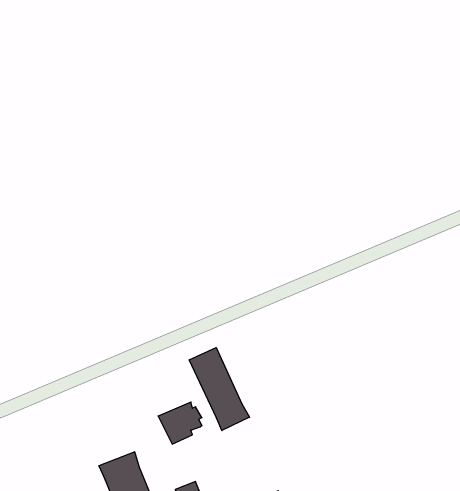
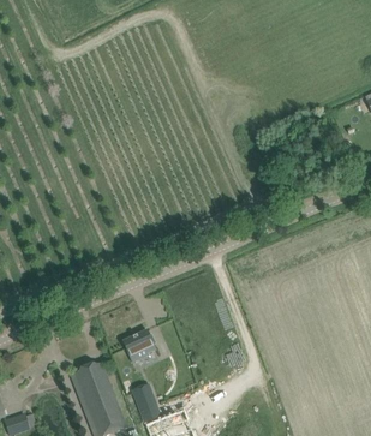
building: [189,348,250,431] -> none

